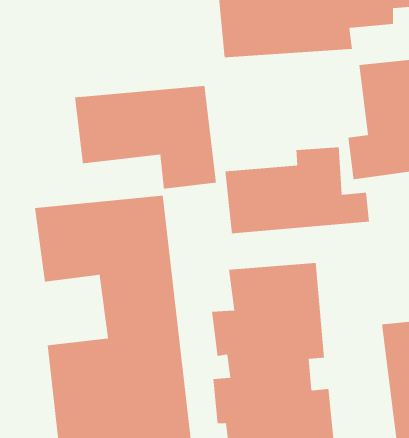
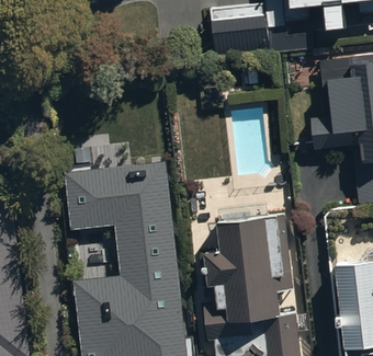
building: [75,85,217,190] -> none
building: [225,146,370,234] -> none

